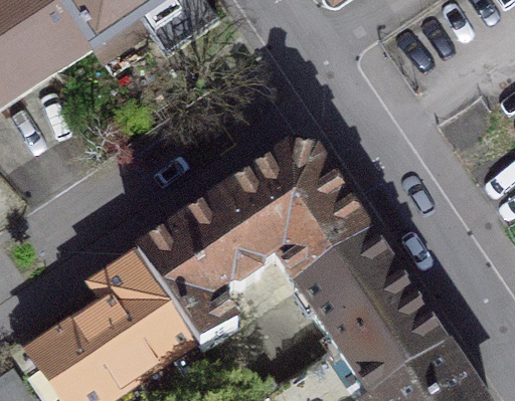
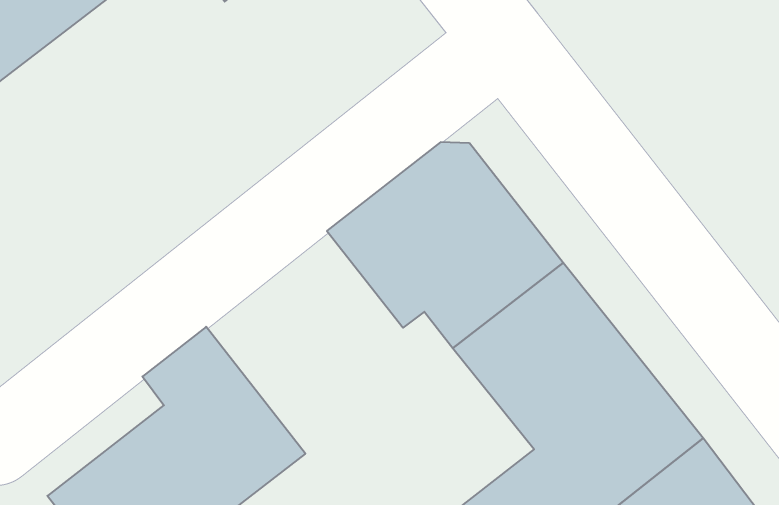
building: [139,194,263,341] -> none

